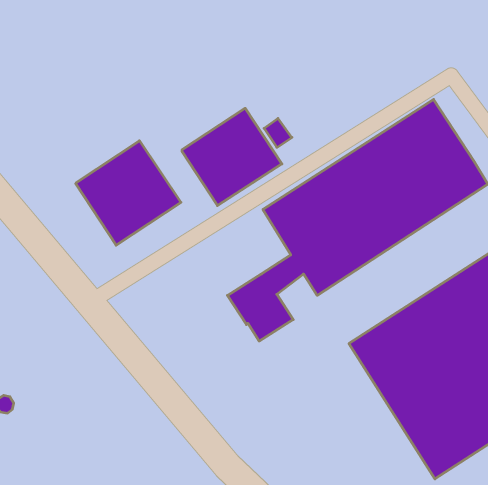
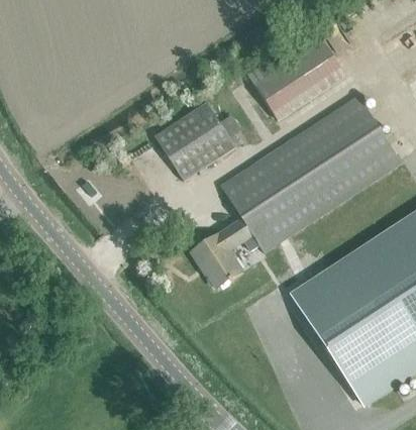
building: none -> [249,30,347,119]
building: [76,141,181,245] -> none

